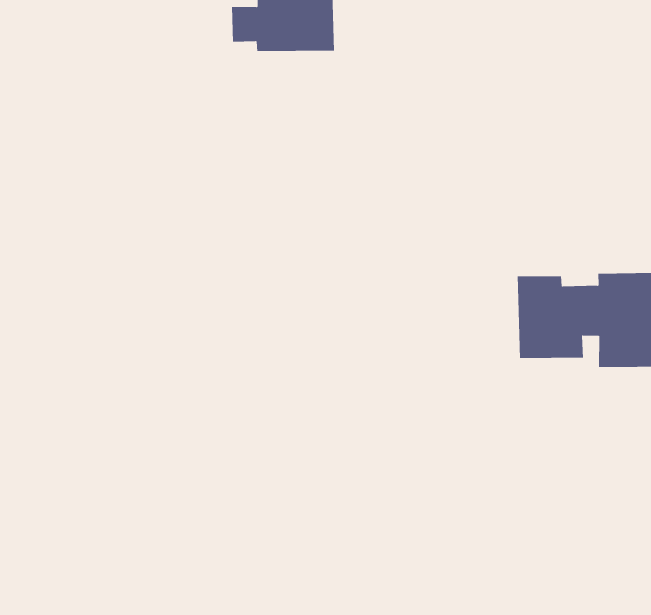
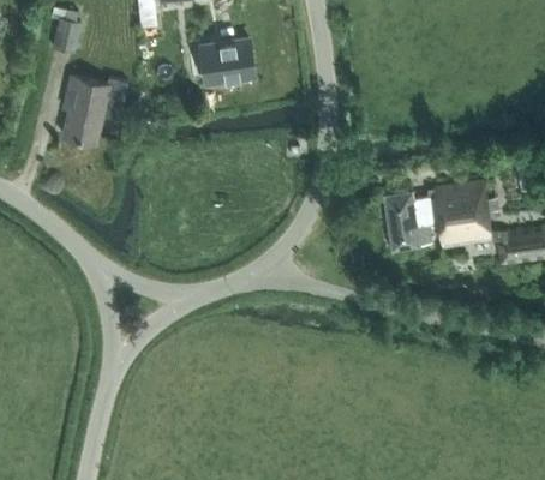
building: none -> [62,77,126,143]

